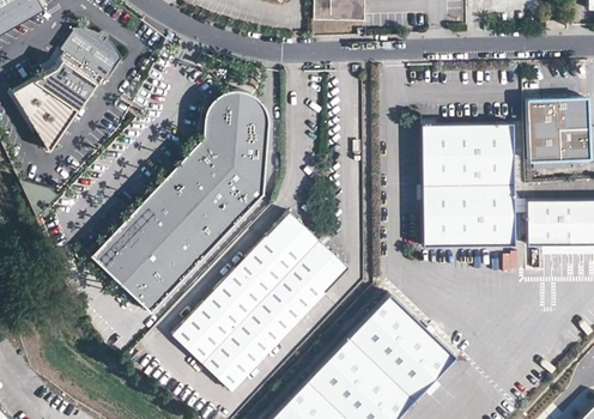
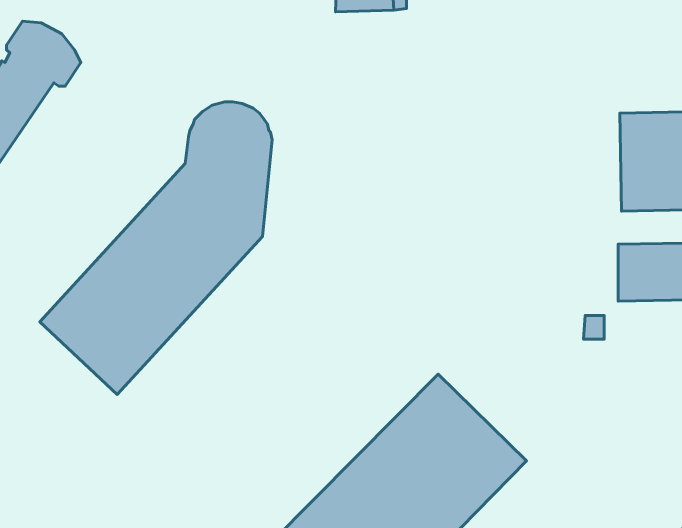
building: [424,125,515,244] -> none
building: [174,213,350,391] -> none

